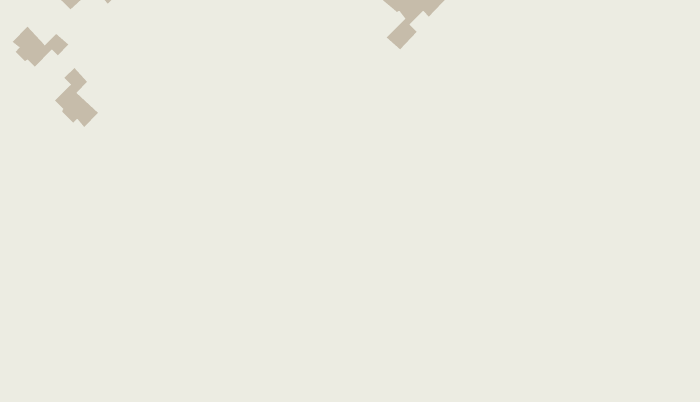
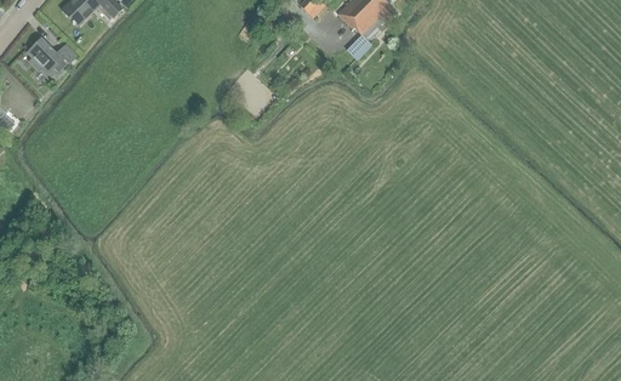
building: [54,67,99,128] -> none

